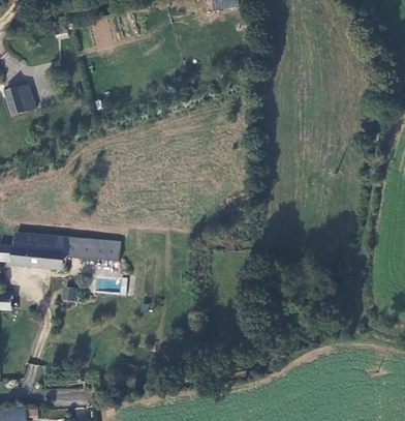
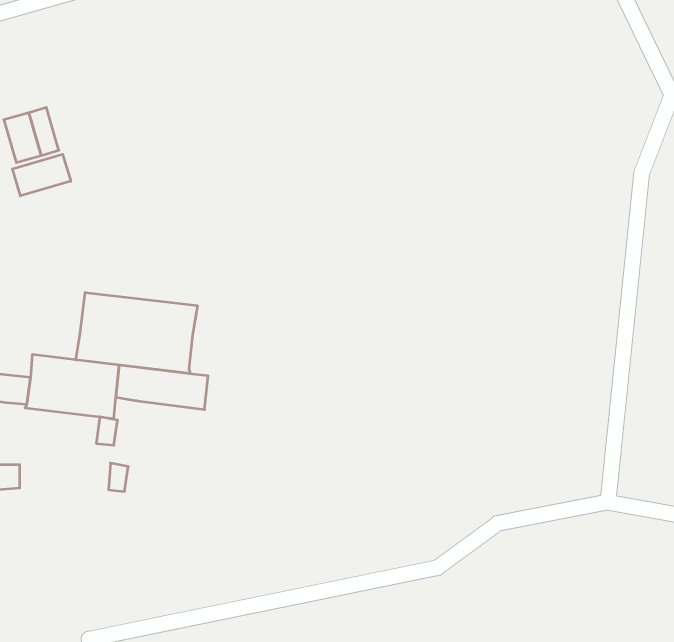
building: none -> [12,154,71,196]
building: none -> [76,292,197,374]

